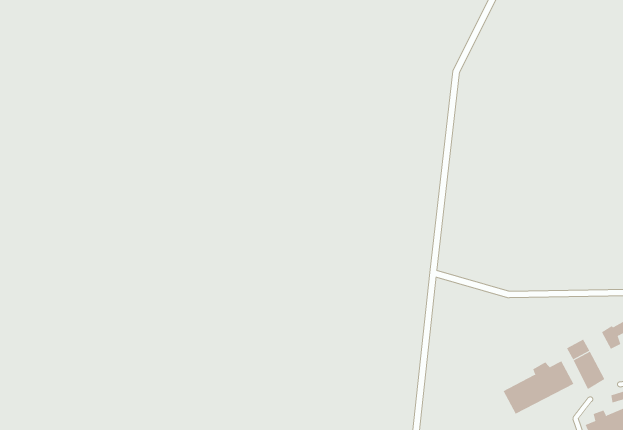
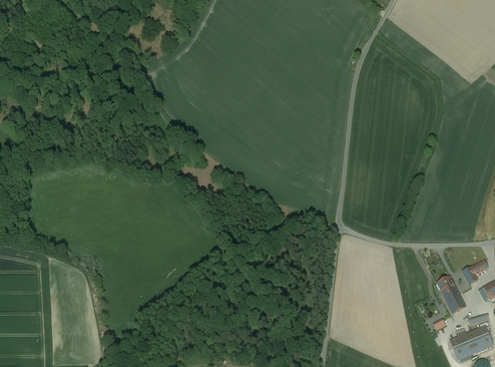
building: [503,360,574,415] -> none

